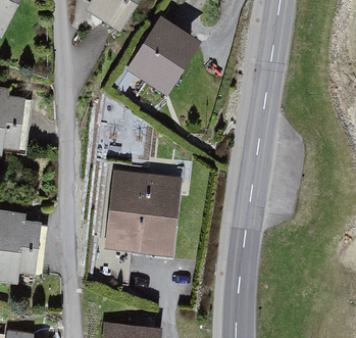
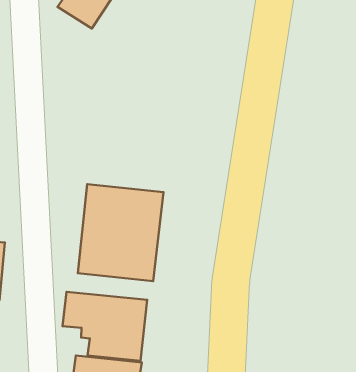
building: [125,16,201,94] -> none
building: none -> [62,292,147,361]

